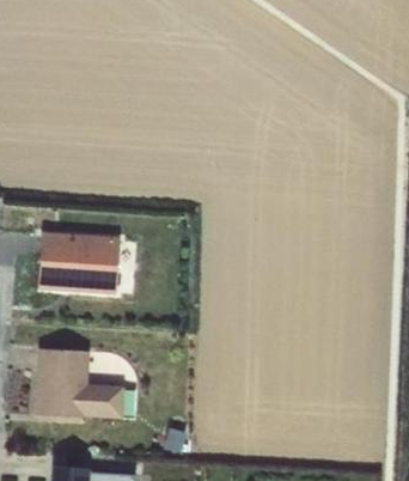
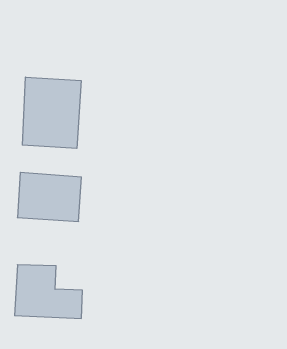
building: none -> [22,77,81,148]

